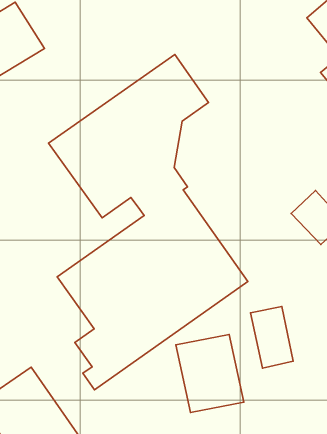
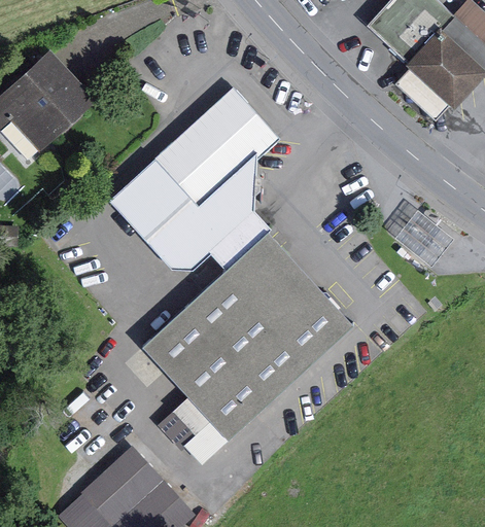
building: [250,307,293,368] -> none
building: [176,335,244,413] -> none

